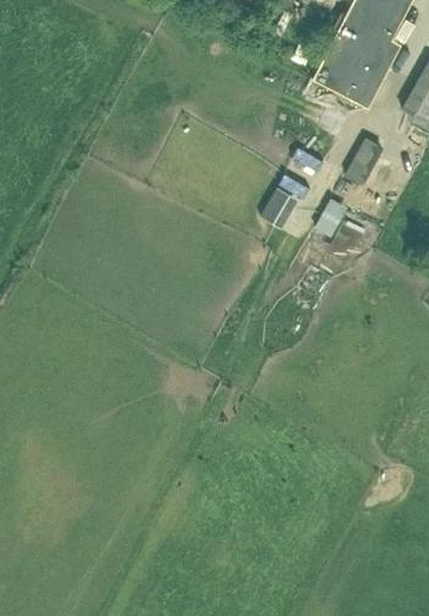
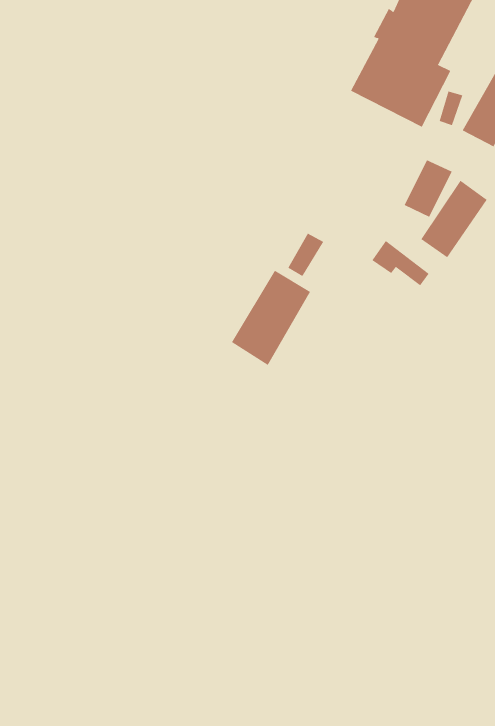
building: none -> [420,180,488,258]
building: none -> [231,270,311,366]

